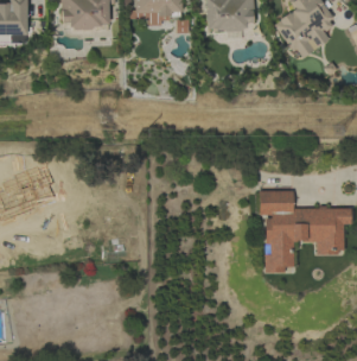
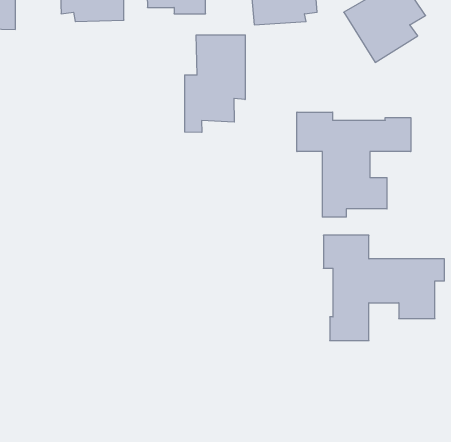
building: none -> [185,35,245,132]
building: none -> [297,112,411,217]

